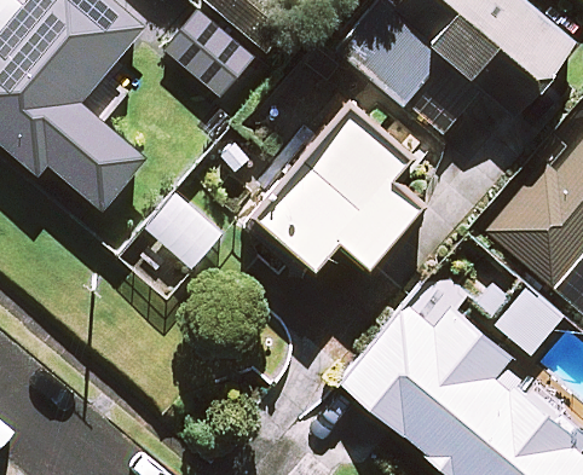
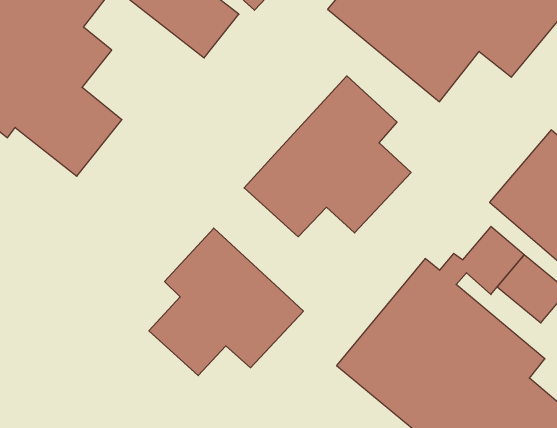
building: none -> [149,228,303,376]

